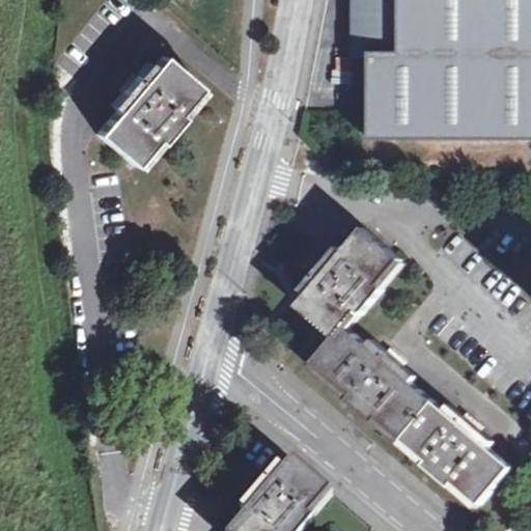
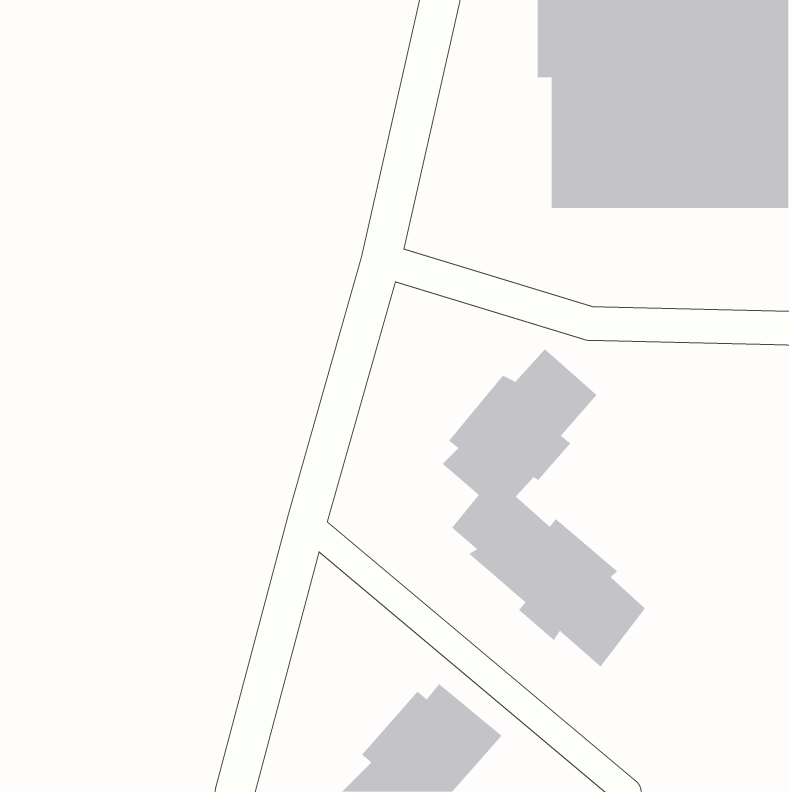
building: [97,46,204,162] -> none
building: [400,401,514,509] -> none

